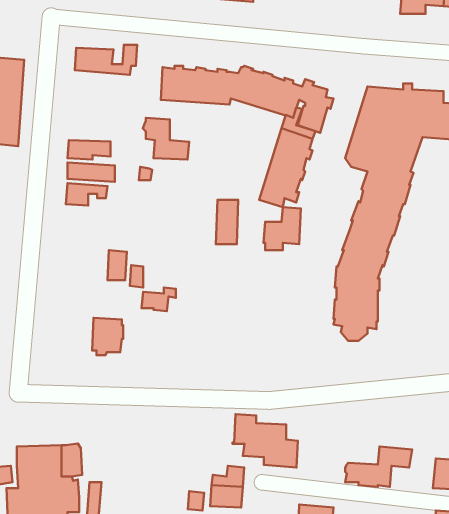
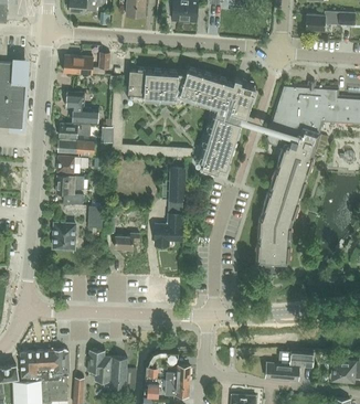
building: [143,118,189,160] -> [64,92,98,123]
building: [264,207,301,250] -> [155,213,182,245]
building: none -> [56,176,84,204]
building: [92,318,123,355] -> [53,223,76,251]
building: [233,414,298,468] -> [87,350,136,390]

